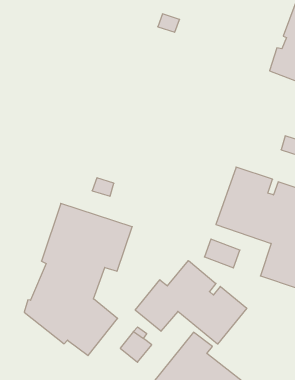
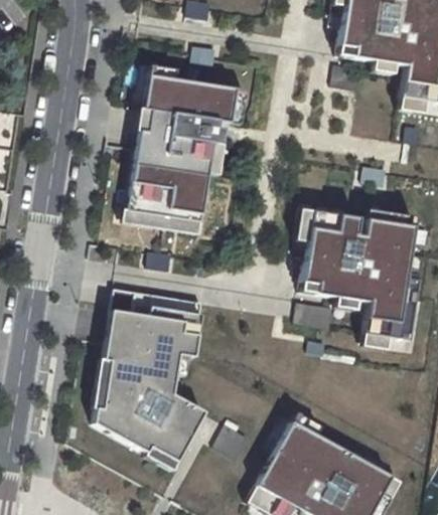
building: none -> [127,75,236,222]
building: [135,261,247,344] -> none

